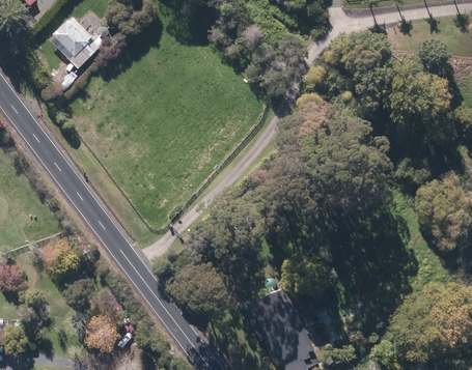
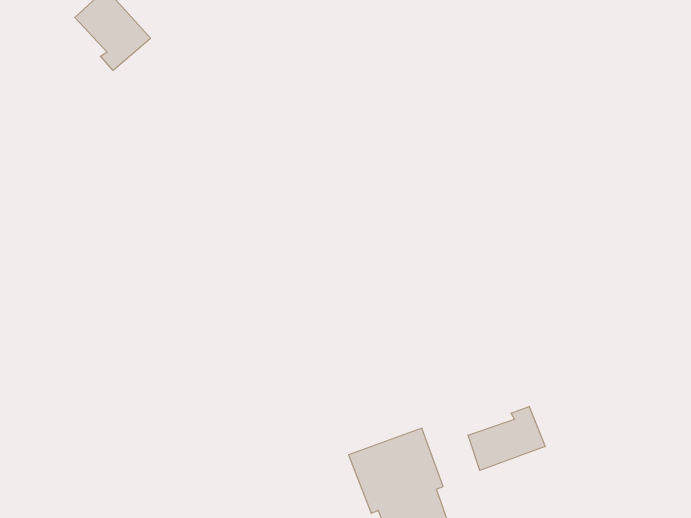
building: none -> [468,406,545,470]

